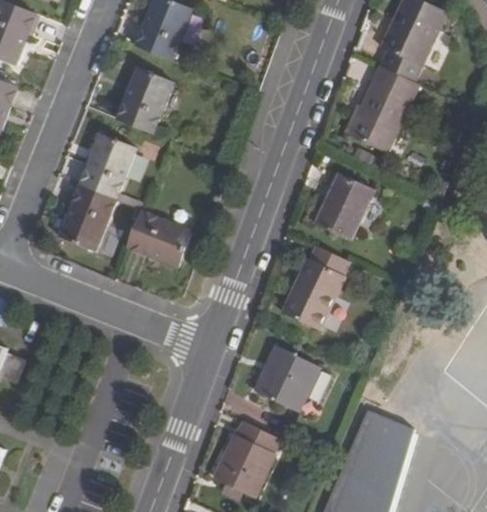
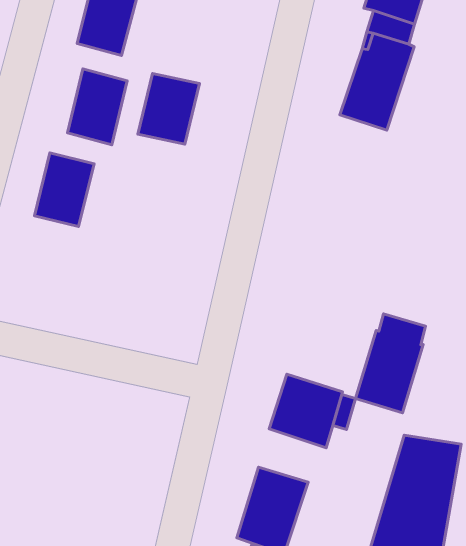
building: none -> [138,73,199,144]
building: [316,175,373,241] -> none
building: [59,185,116,251] -> none
building: [128,211,192,267] -> none
building: [281,246,348,331] -> [355,314,426,413]

